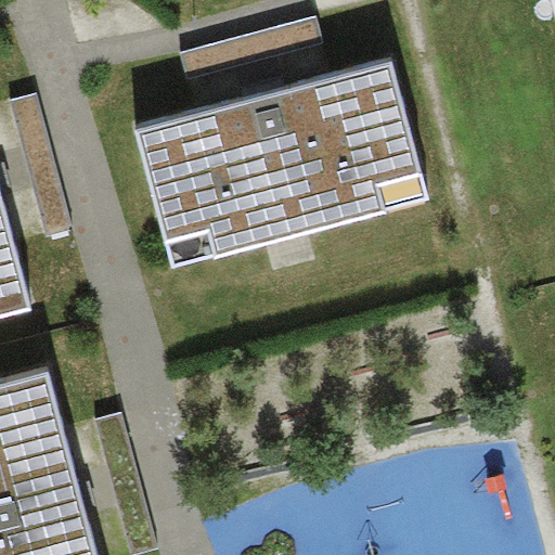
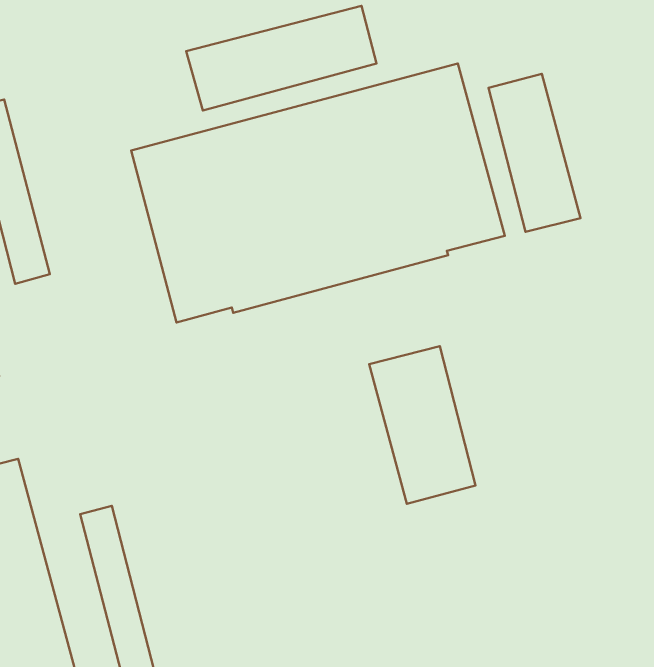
building: none -> [489,74,580,232]
building: none -> [369,346,475,504]

